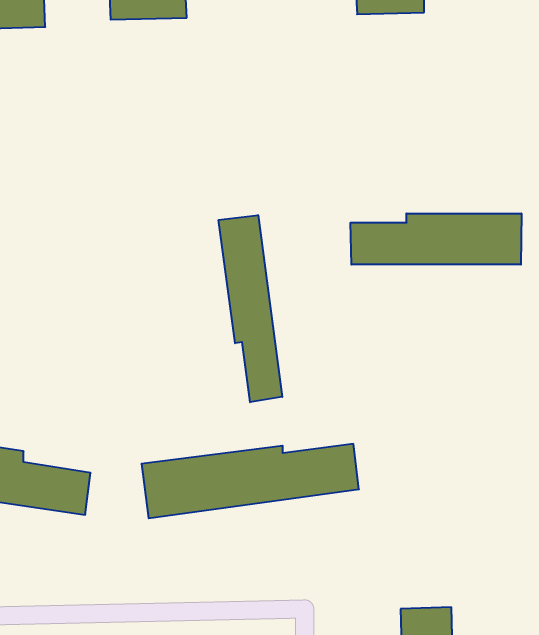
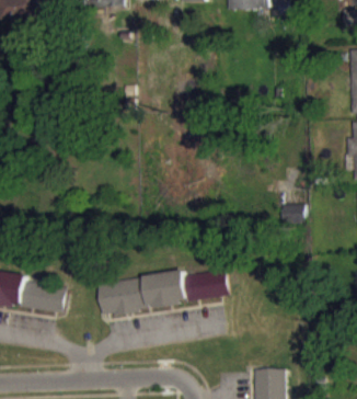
building: [351,213,521,265] -> none
building: [219,215,282,402] -> none
building: none -> [280,204,304,223]

